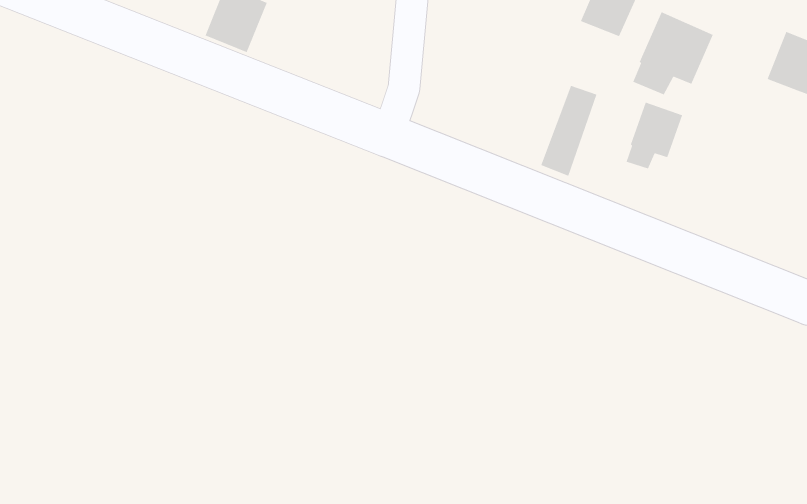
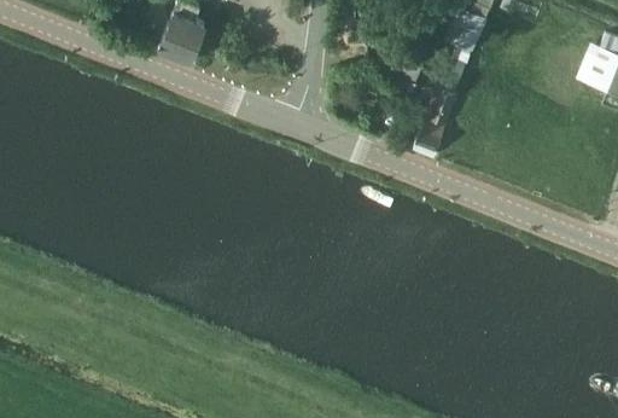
building: [632,11,714,95] -> none
building: [625,102,683,170] -> none

